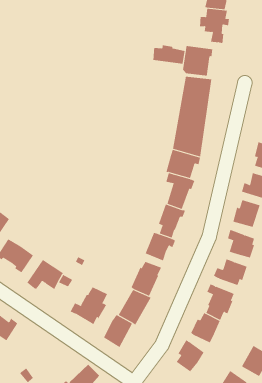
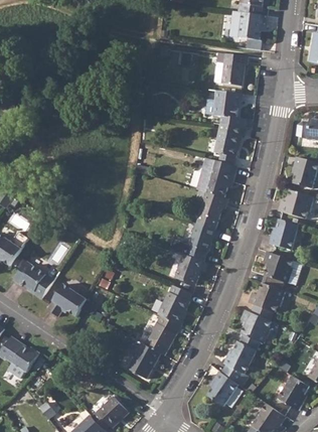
building: [153,45,185,65] -> none
building: [70,287,108,325] -> none

